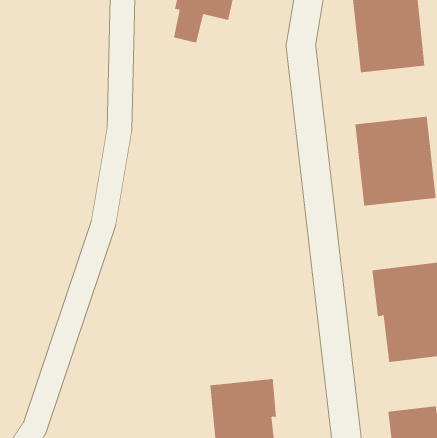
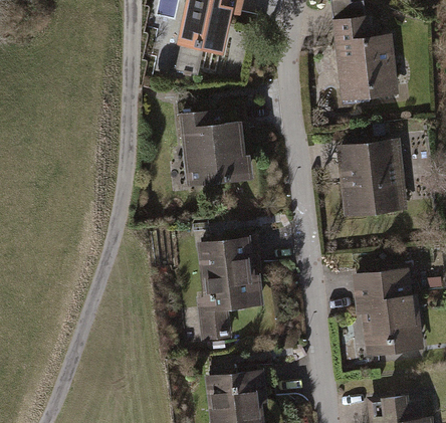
building: none -> [176,108,252,187]
building: none -> [195,236,263,342]

